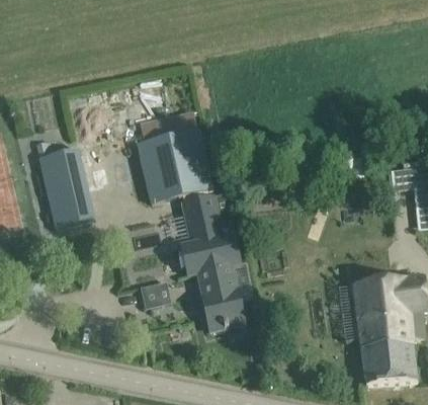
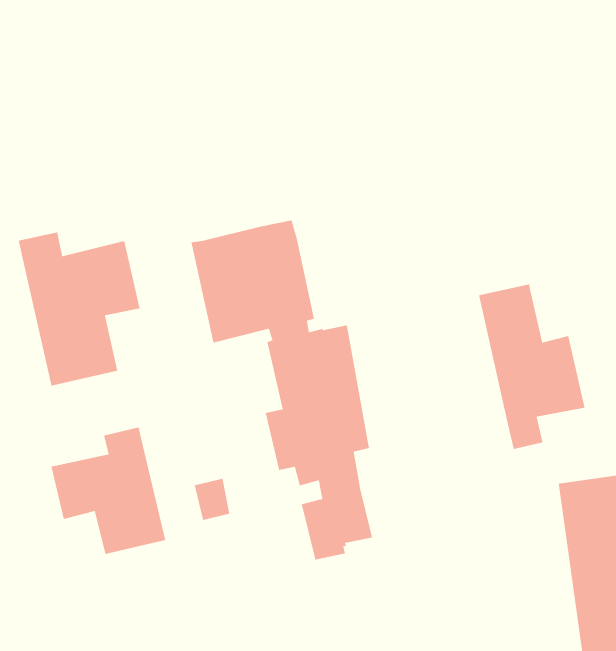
building: none -> [478,284,585,450]
building: none -> [51,427,166,555]

